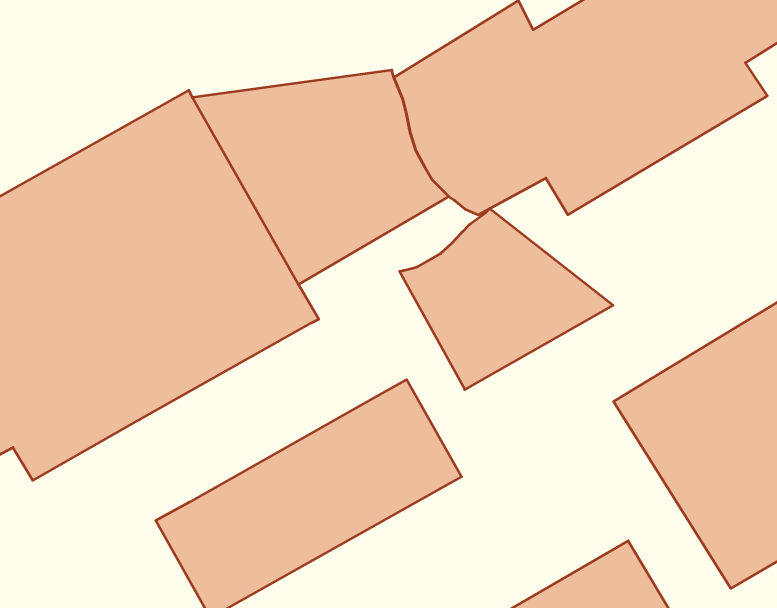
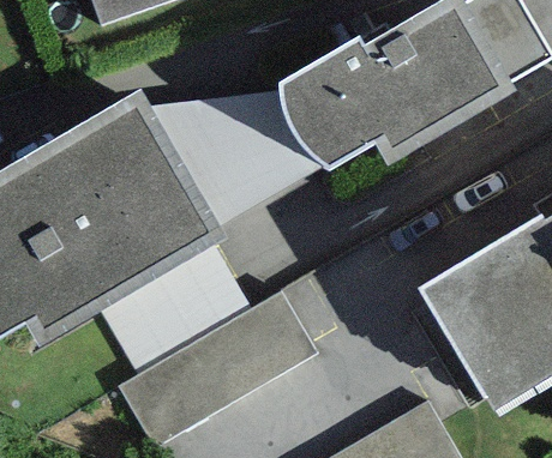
building: [400,208,613,390] -> none
building: none -> [106,249,251,367]

